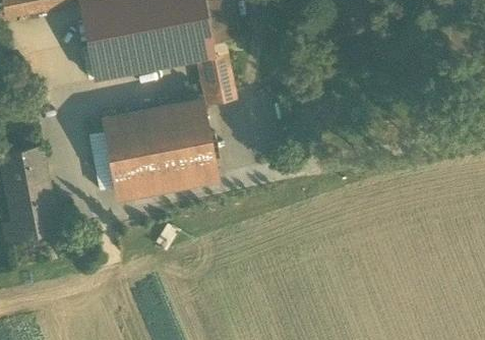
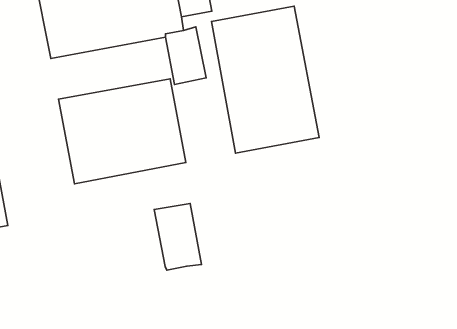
building: none -> [211,6,319,153]
building: none -> [154,203,201,270]

